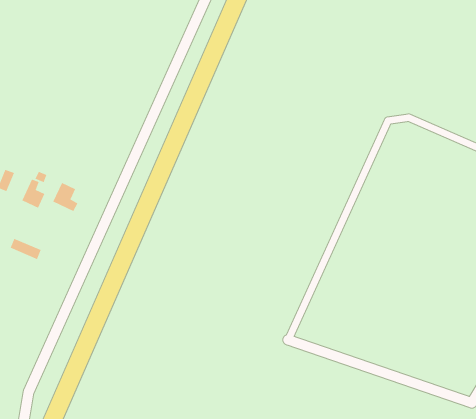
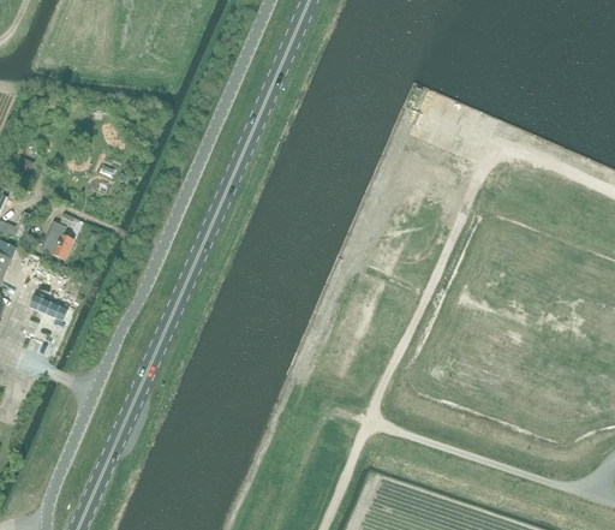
building: [53,182,78,212] -> none

